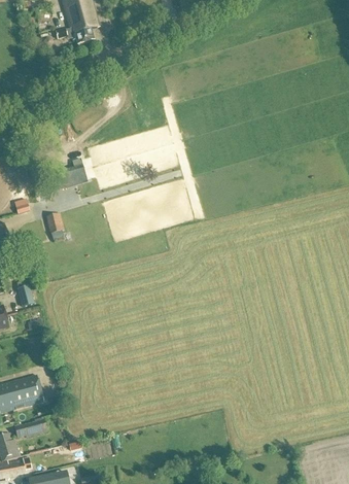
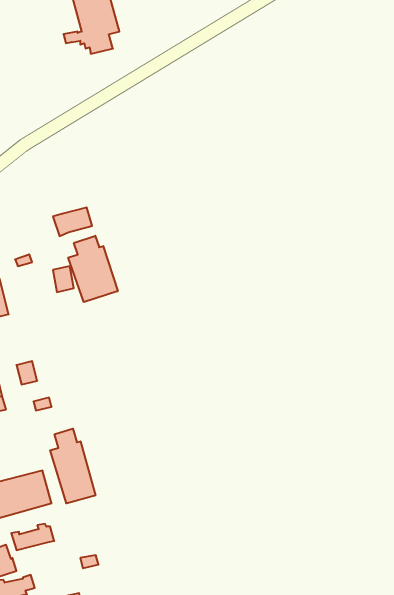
building: none -> [68,236,118,302]
building: none -> [50,429,95,503]

